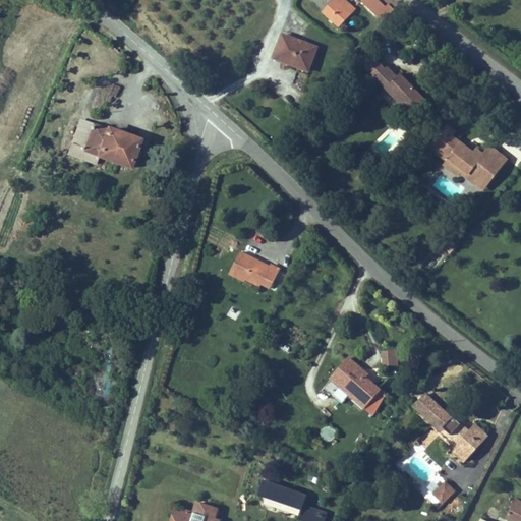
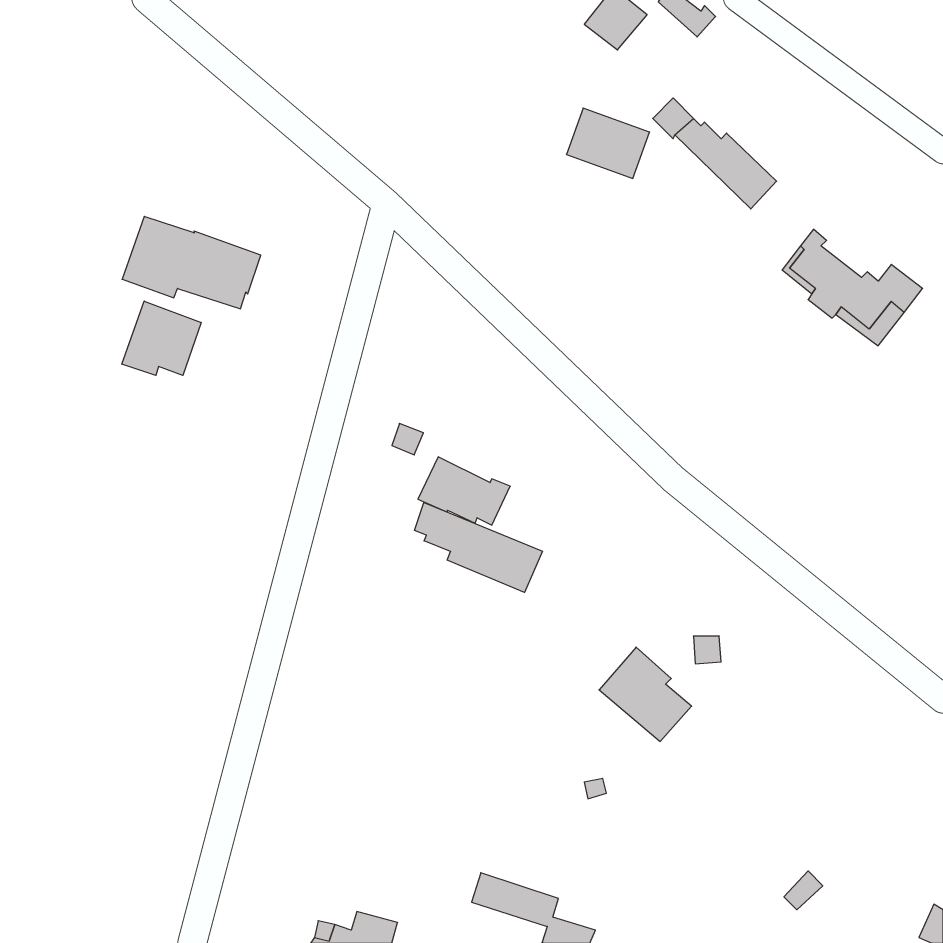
building: [273,34,319,72] -> [566,108,650,178]
building: none -> [122,301,201,375]
building: none -> [415,503,543,592]
building: [410,393,487,464] -> none

